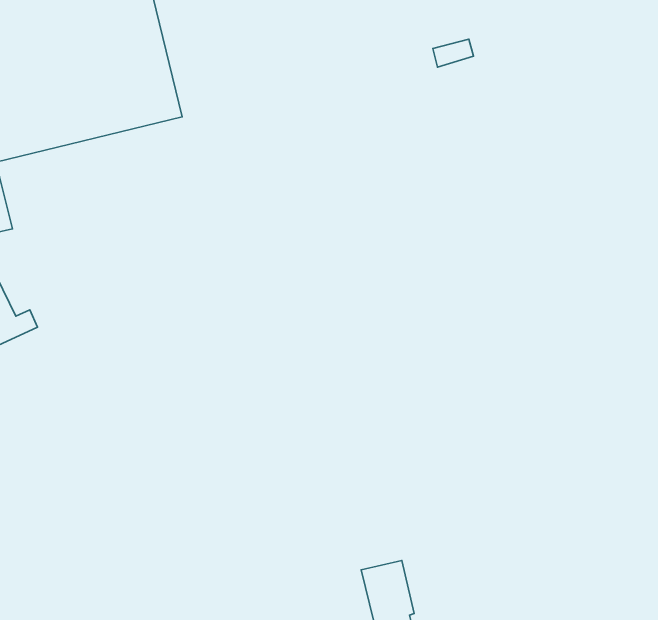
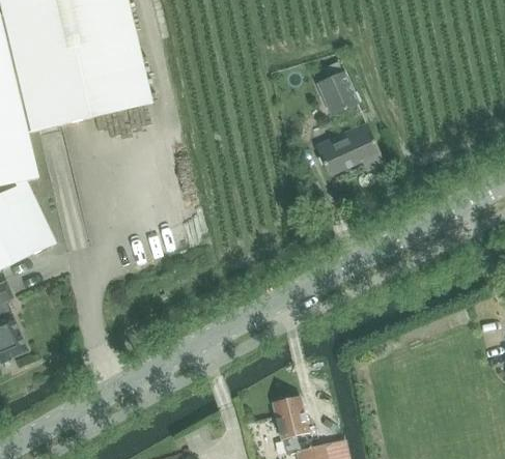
building: none -> [319,73,358,114]
building: none -> [316,123,385,175]

